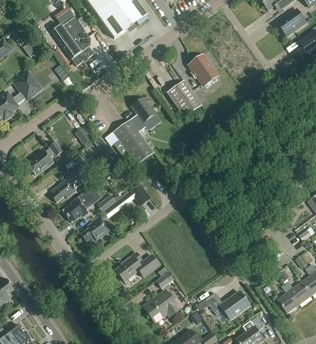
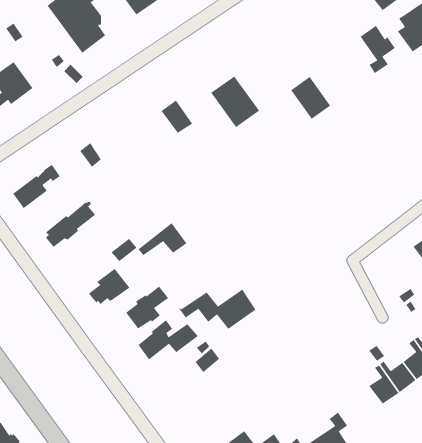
building: none -> [360,25,396,74]
building: [188,55,217,86] -> [290,76,331,120]
building: [112,120,153,165] -> none
building: [62,191,93,222] -> [125,285,169,330]
building: [142,290,179,322] -> none
building: [194,291,249,320] -> [178,289,257,330]

